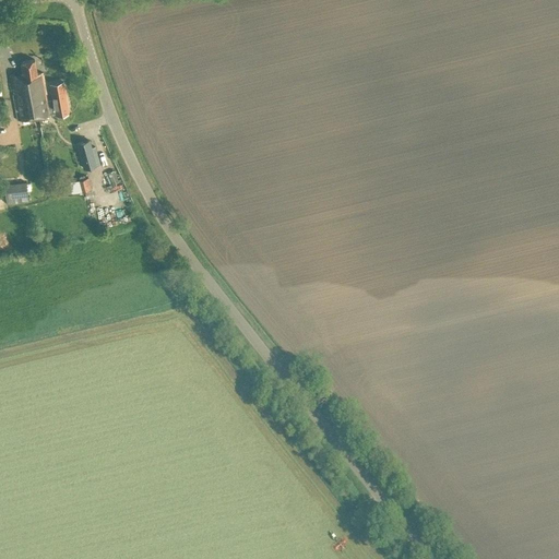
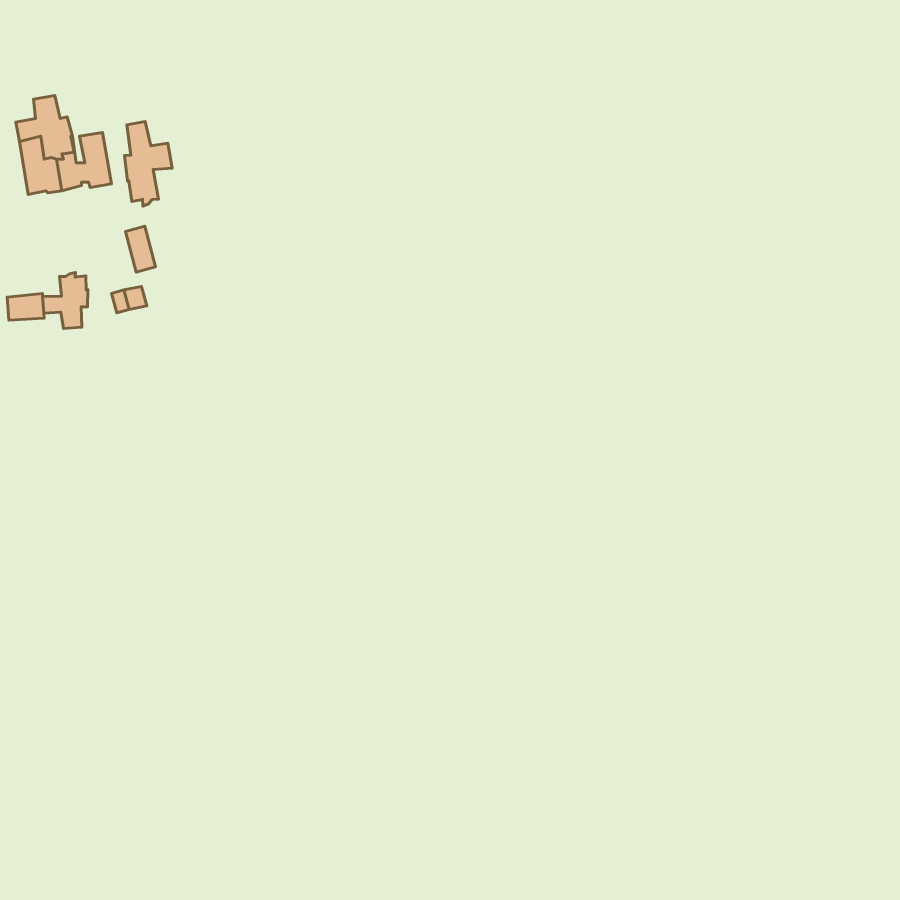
building: none -> [125,121,172,206]
building: none -> [43,272,88,329]

